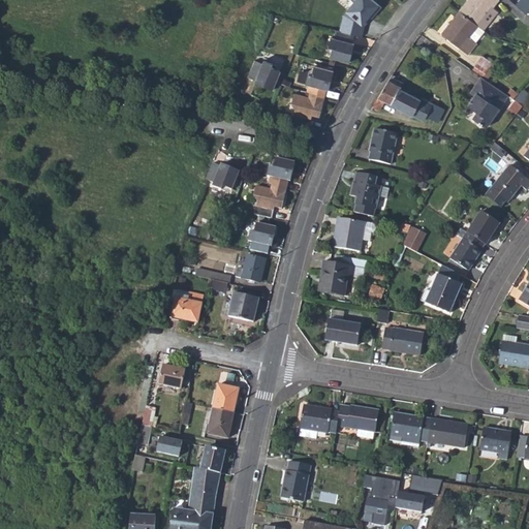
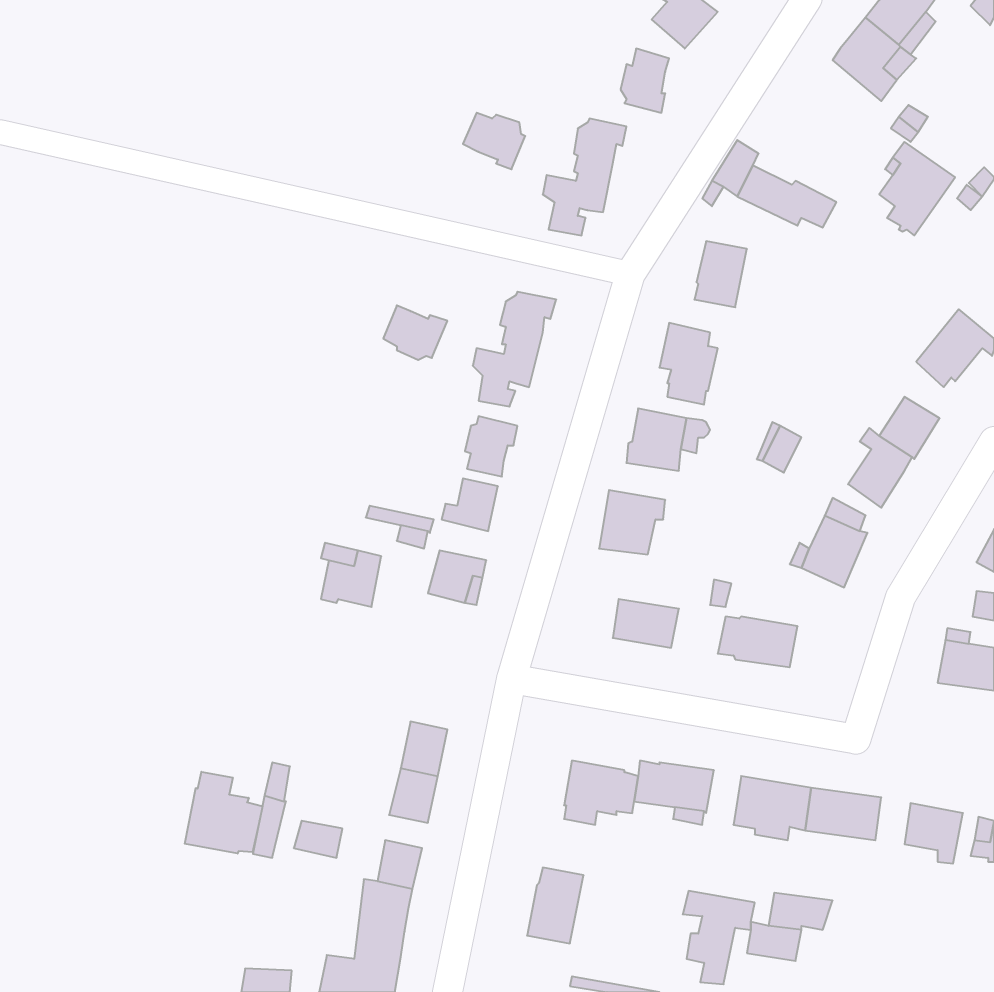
building: [158,365,185,388] -> none
building: none -> [185,772,262,854]

